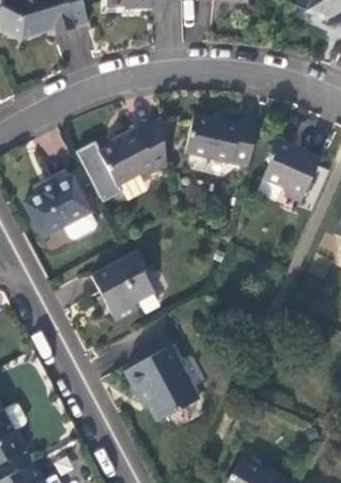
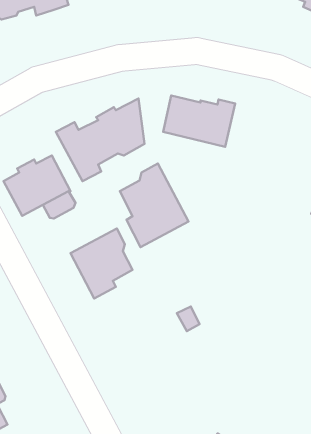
building: [262,140,319,201] -> none
building: none -> [120,163,188,247]
building: [124,346,198,421] -> none

